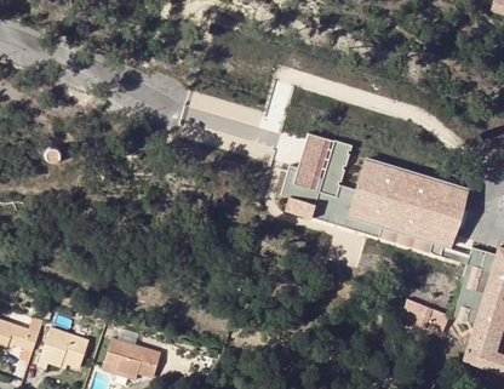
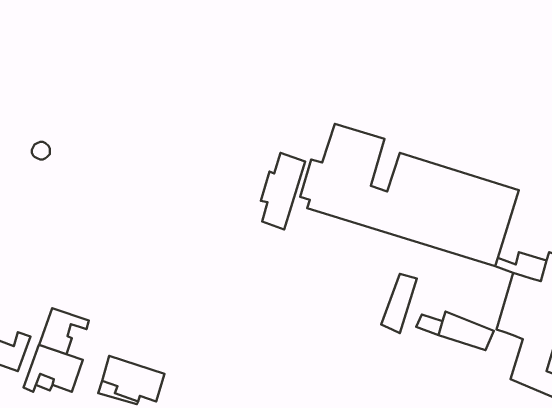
building: none -> [261,153,305,230]
building: none -> [381,274,417,333]
building: none -> [39,308,89,354]

